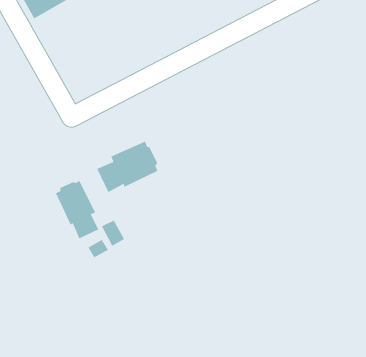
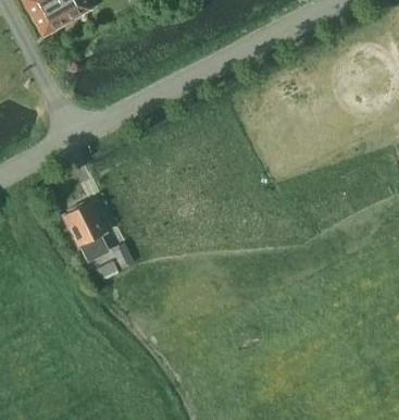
building: [97,141,158,193] -> none

